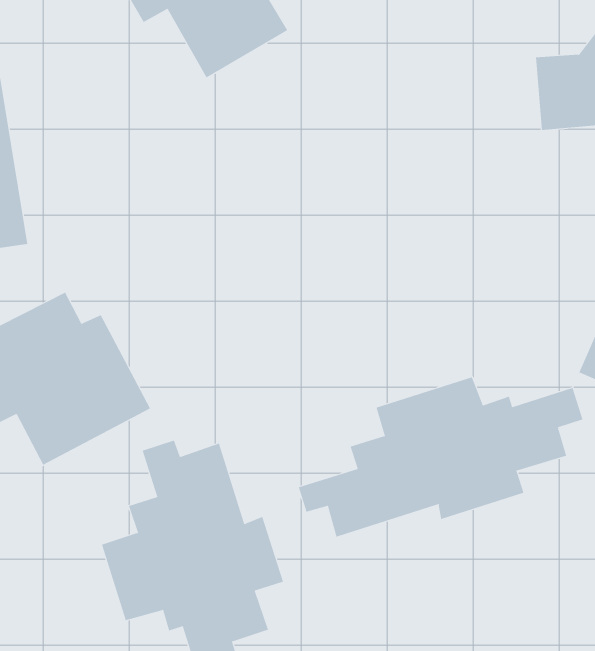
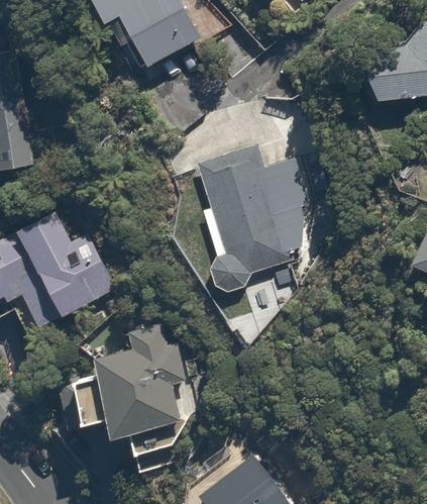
building: none -> [199,145,306,294]
building: [298,376,583,537] -> none

